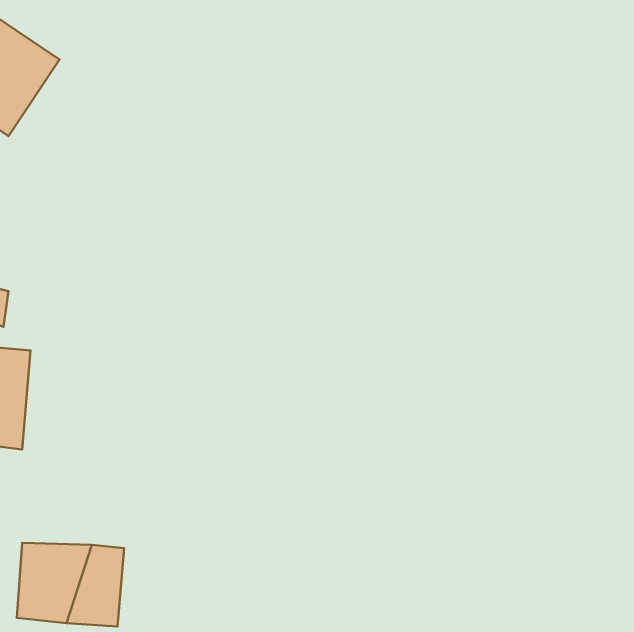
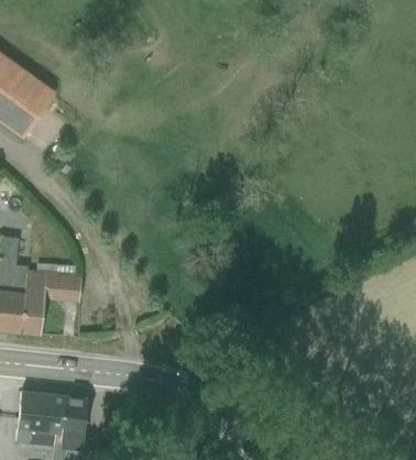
building: none -> [20,270,80,335]

